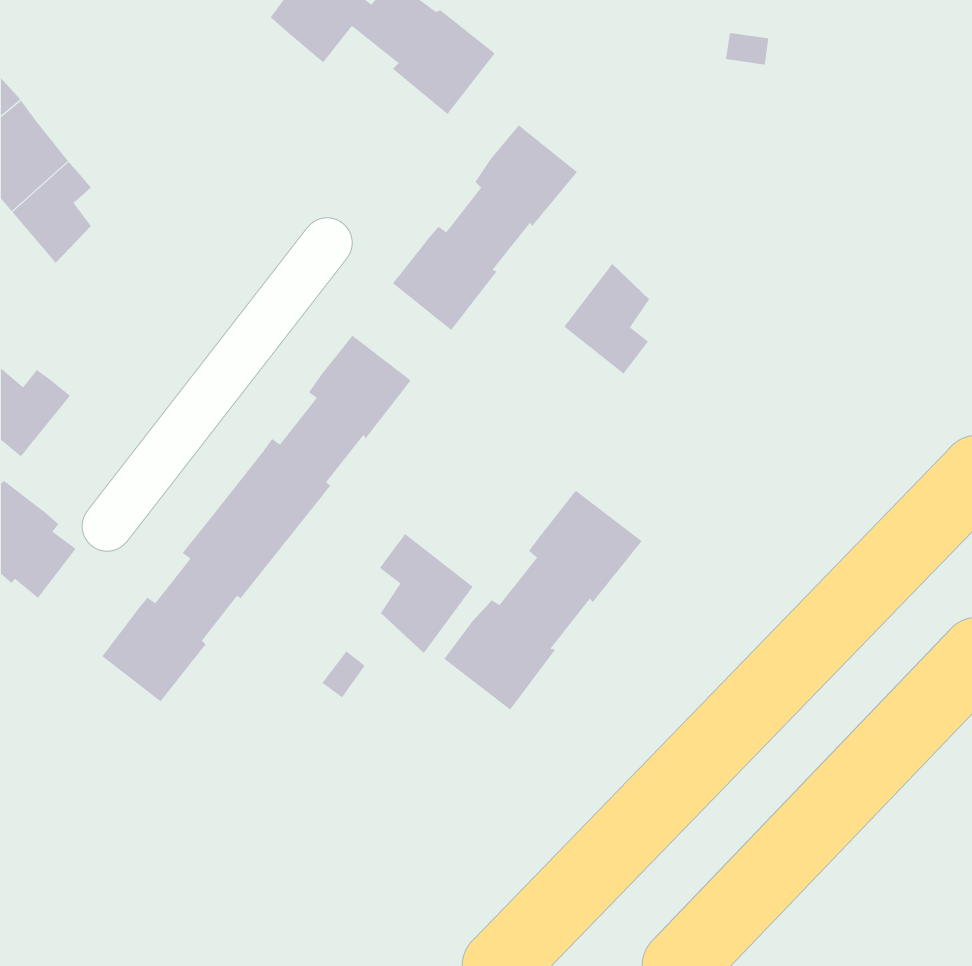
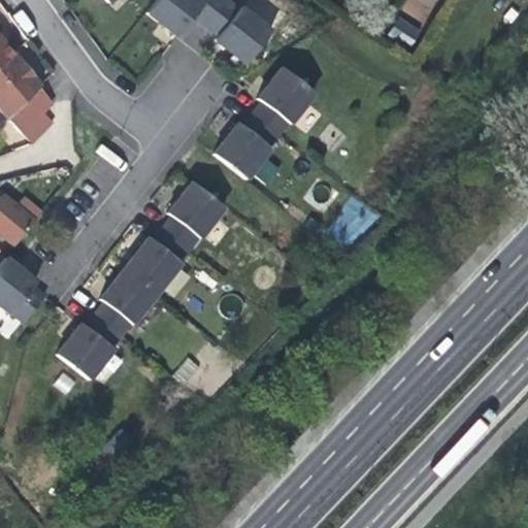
building: [564,263,650,374] -> none
building: [444,490,643,710] -> none
building: [379,533,474,654] -> none

